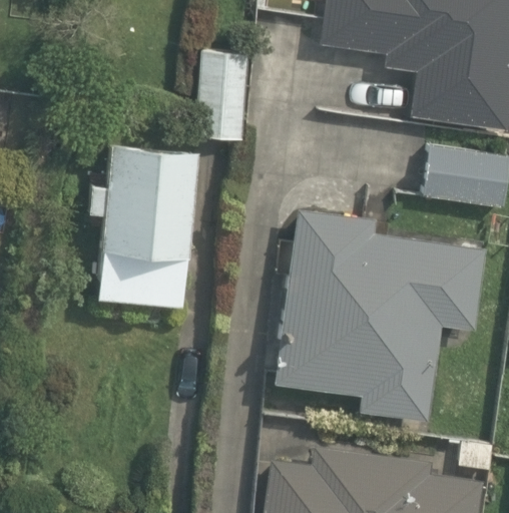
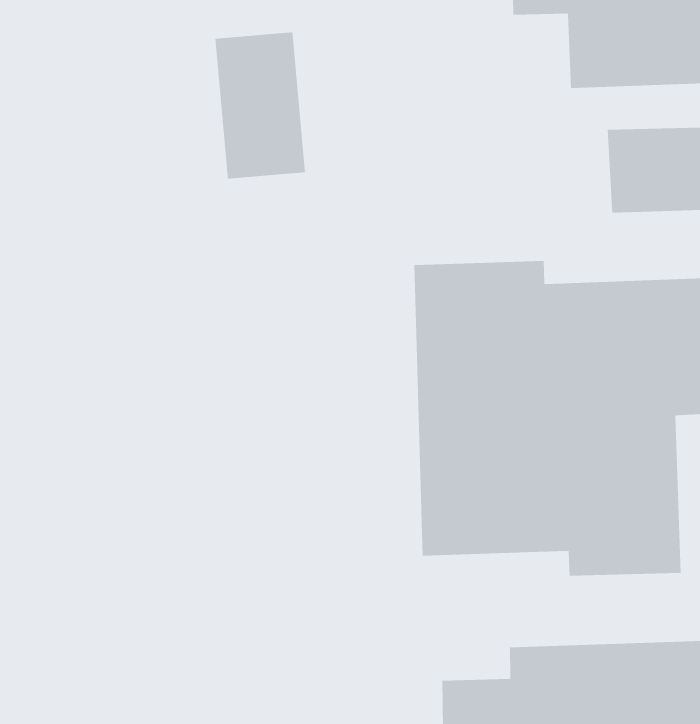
building: [89,142,199,308] -> none

